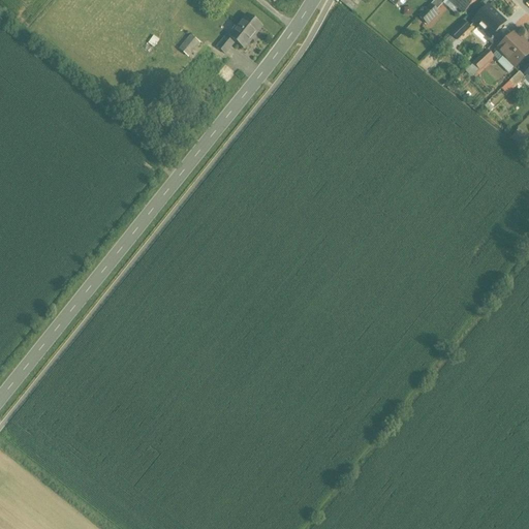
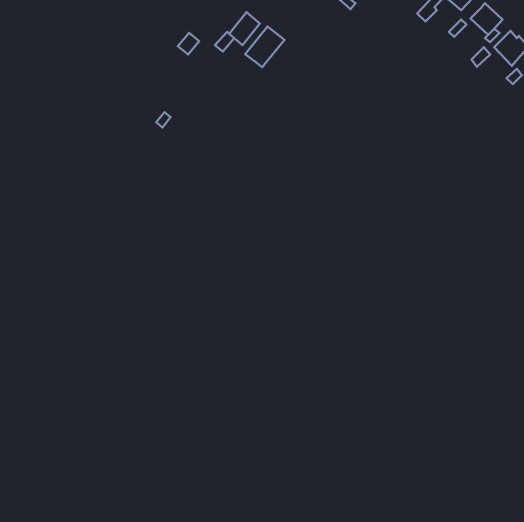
building: none -> [245,27,285,67]

